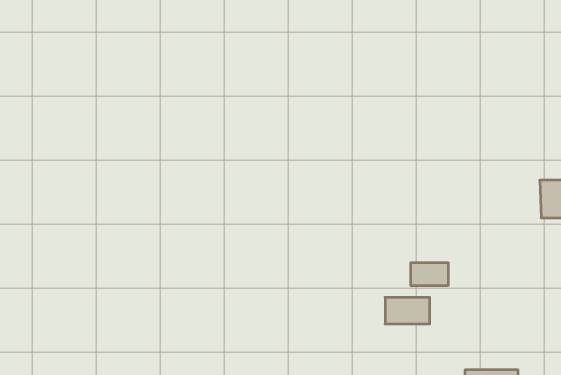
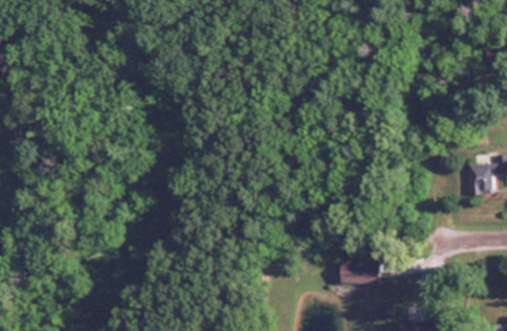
building: [411,263,448,286] -> none

